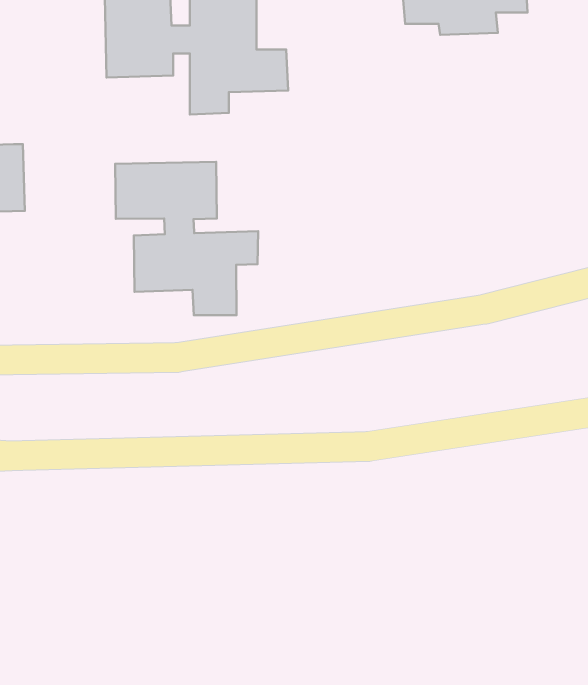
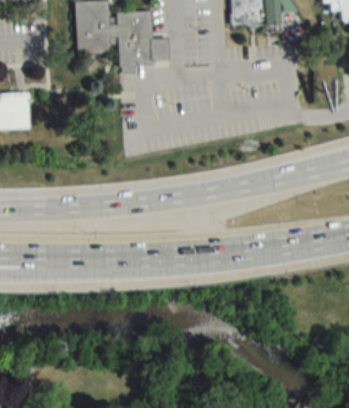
building: [115,162,258,315] -> none

